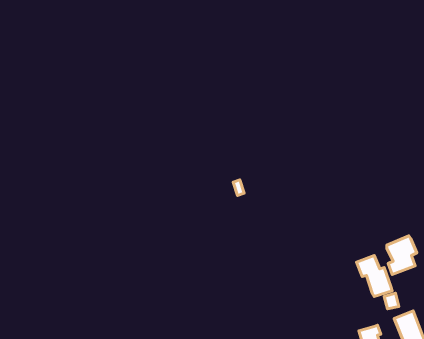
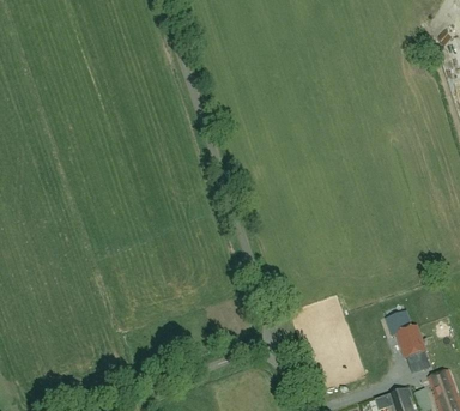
building: [387,236,417,275] -> none

